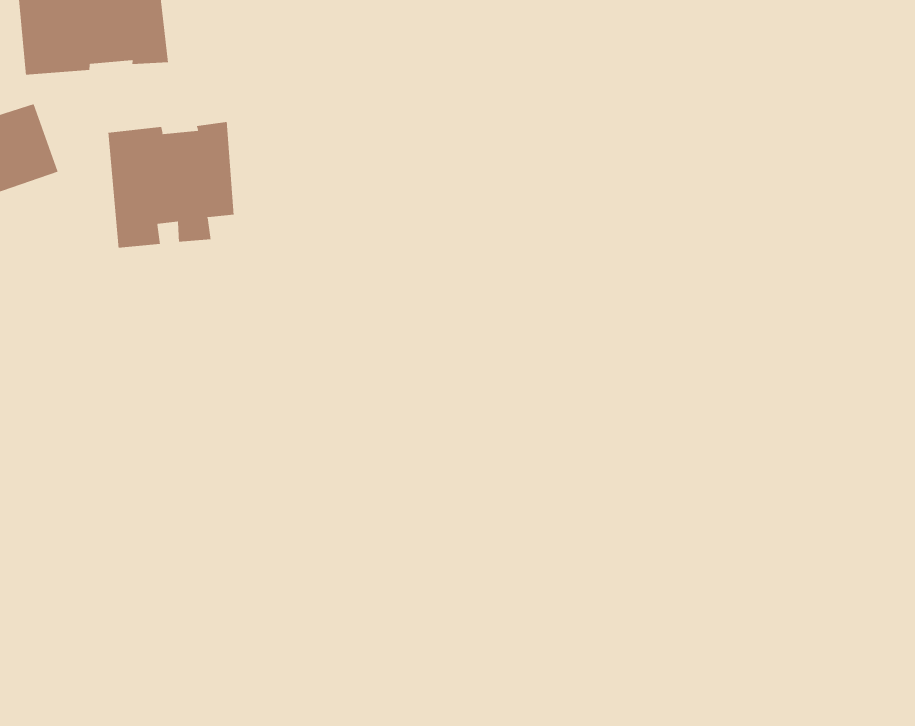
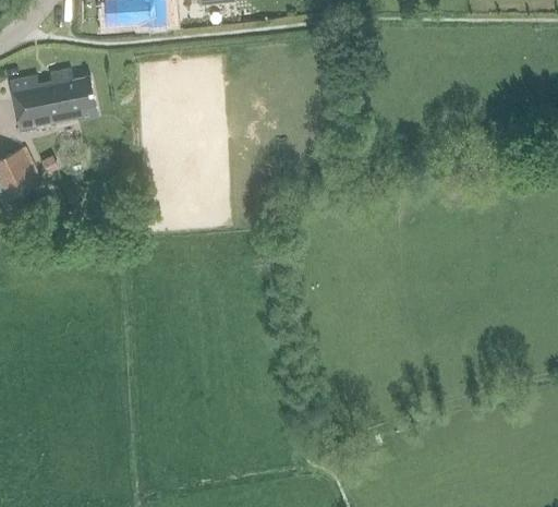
building: [108,121,234,248] -> none

